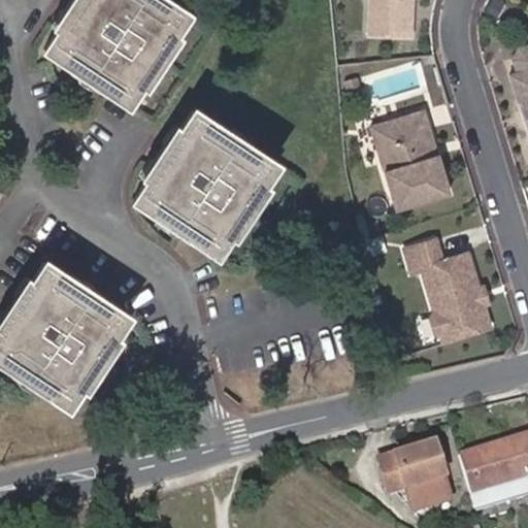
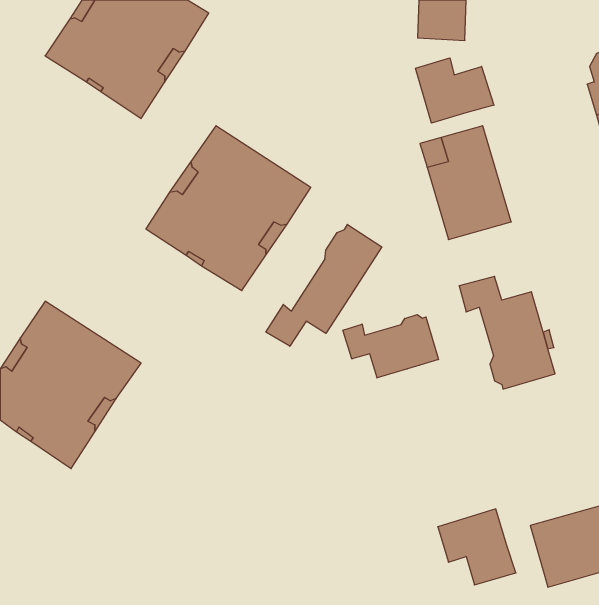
building: none -> [415,58,494,123]
building: none -> [266,224,382,346]
building: none -> [343,315,438,378]

